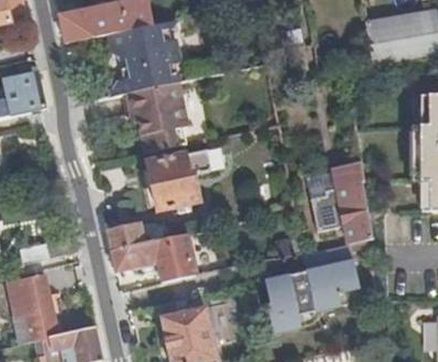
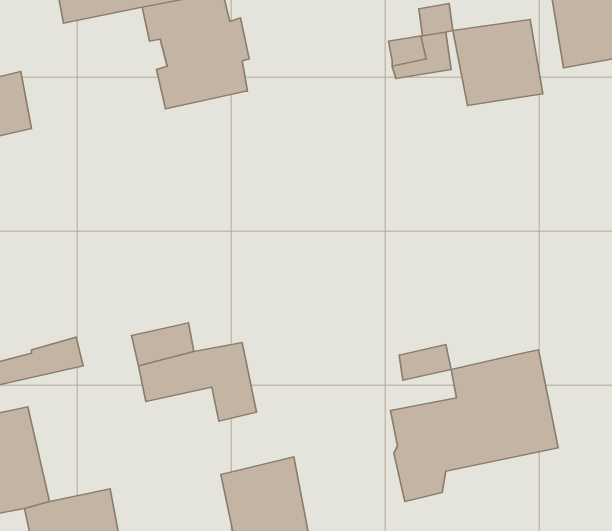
building: none -> [453,19,543,105]
building: [128,82,187,152] -> none
building: [149,149,213,208] -> none
building: [310,160,371,242] -> none

